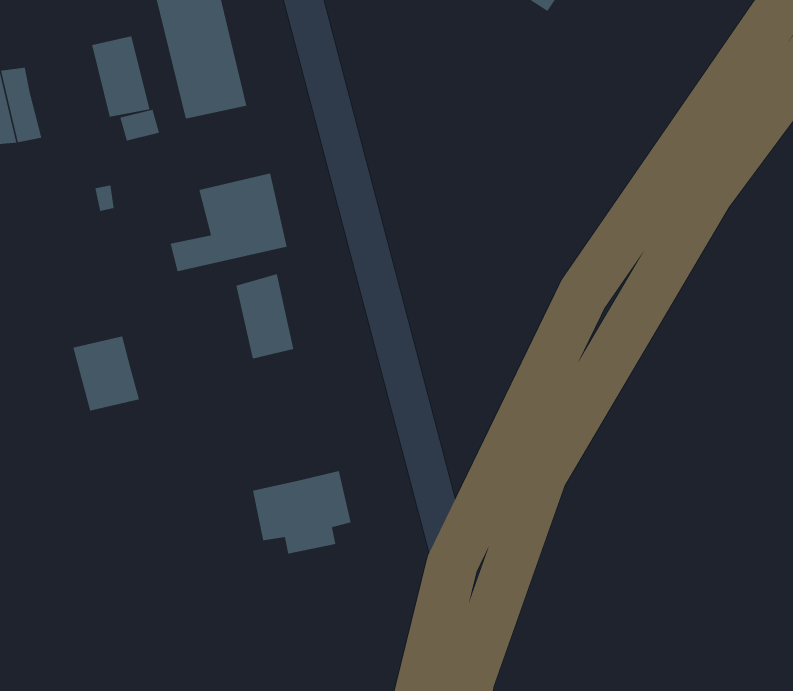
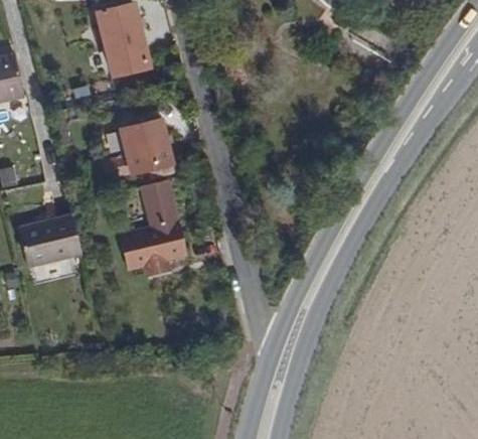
building: [92,35,150,118] -> none
building: none -> [20,222,54,266]
building: [252,470,351,554] -> [125,223,184,273]

